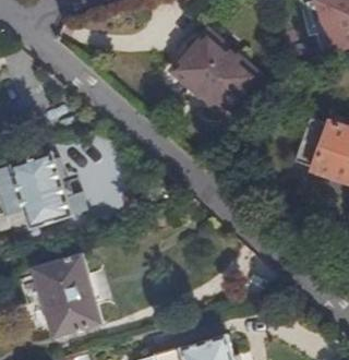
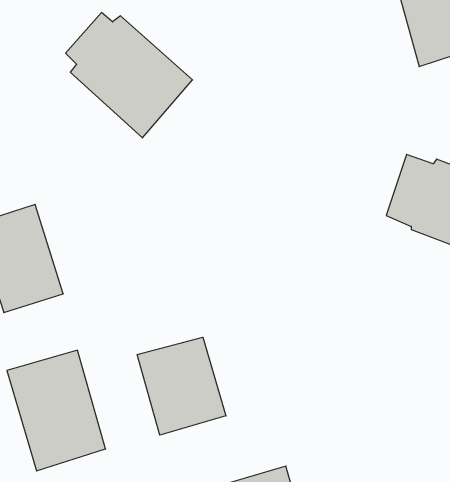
building: [169,29,257,117] -> [66,13,193,138]
building: none -> [137,337,226,435]

